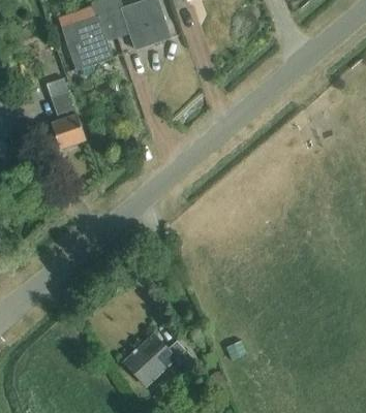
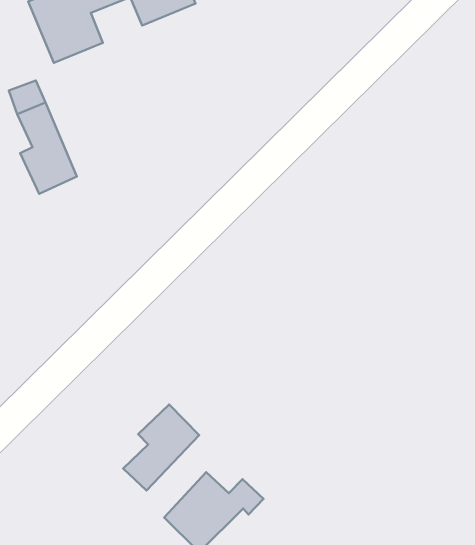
building: none -> [123,405,199,490]

